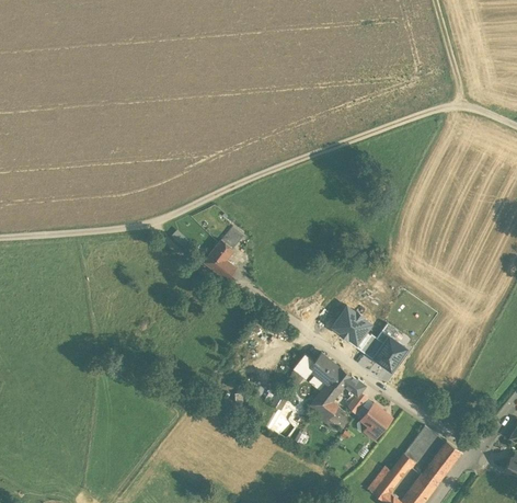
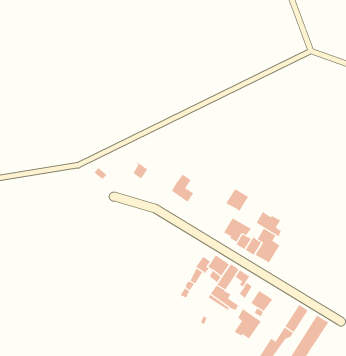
building: [206,240,235,277] -> [171,174,194,202]
building: none -> [226,188,249,212]
building: none -> [256,211,282,237]
building: none -> [234,308,261,340]

